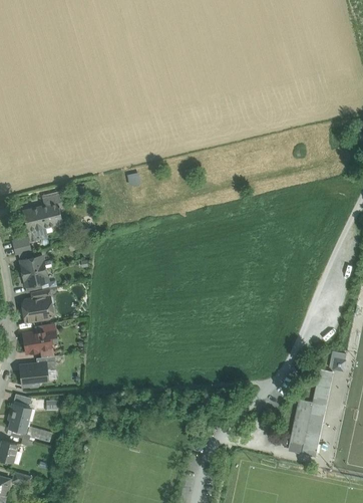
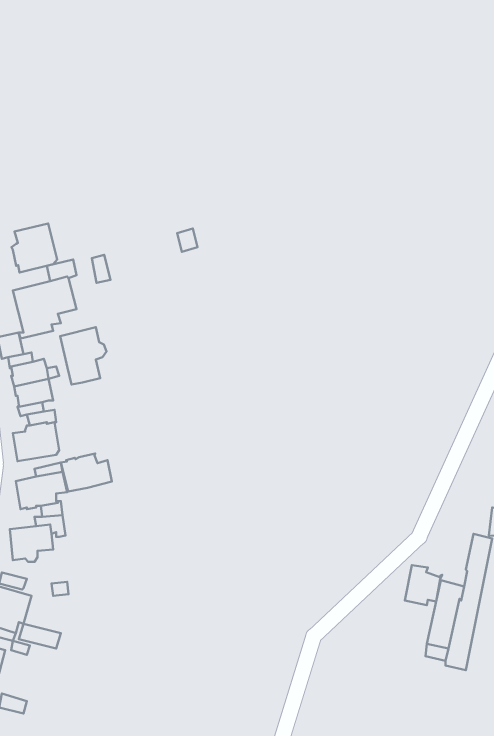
building: none -> [11,223,57,272]
building: none -> [60,327,106,384]
building: none -> [61,453,112,491]
building: none -> [405,565,442,605]

